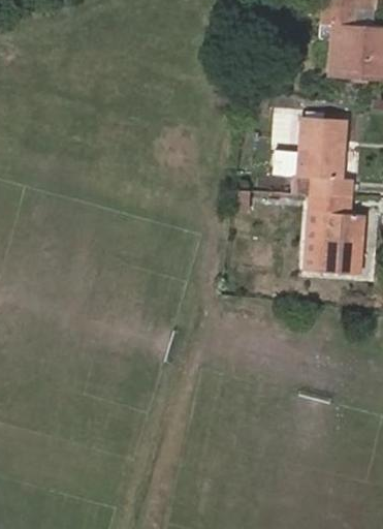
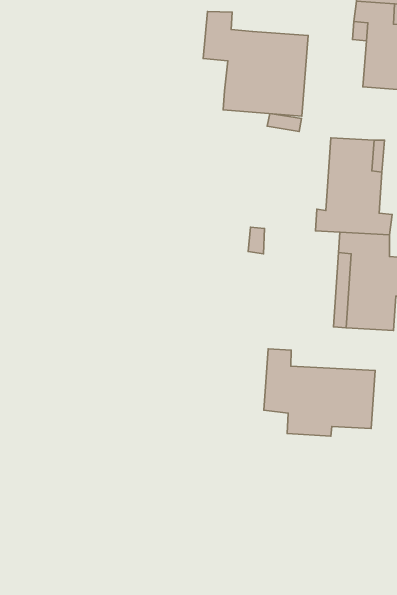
building: none -> [203,11,308,116]
building: none -> [264,349,375,436]

